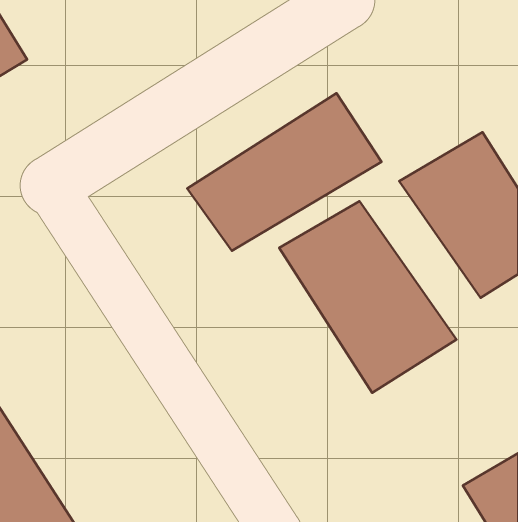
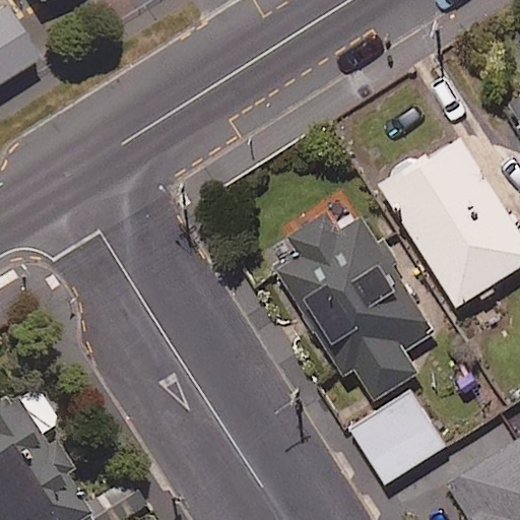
building: [187,93,381,251] -> none
building: none -> [339,396,434,490]

